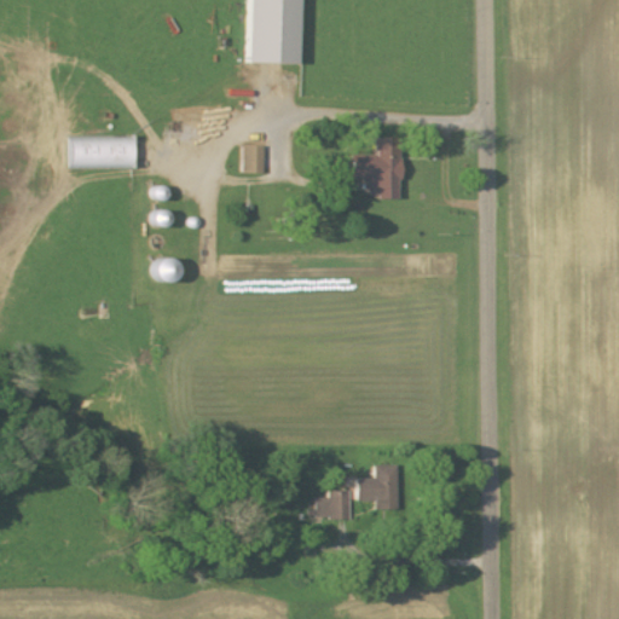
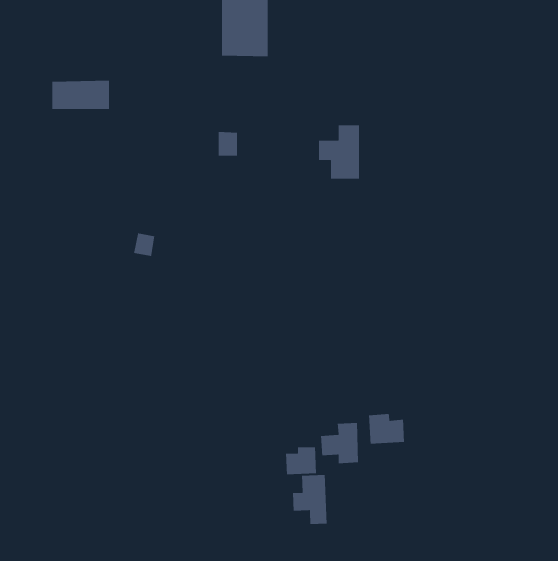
building: [70,135,134,168] -> [51,80,110,110]
building: none -> [368,413,405,445]
building: none -> [292,474,328,525]

